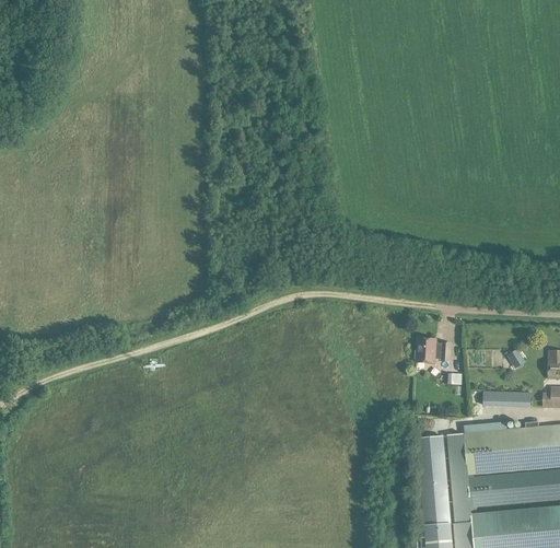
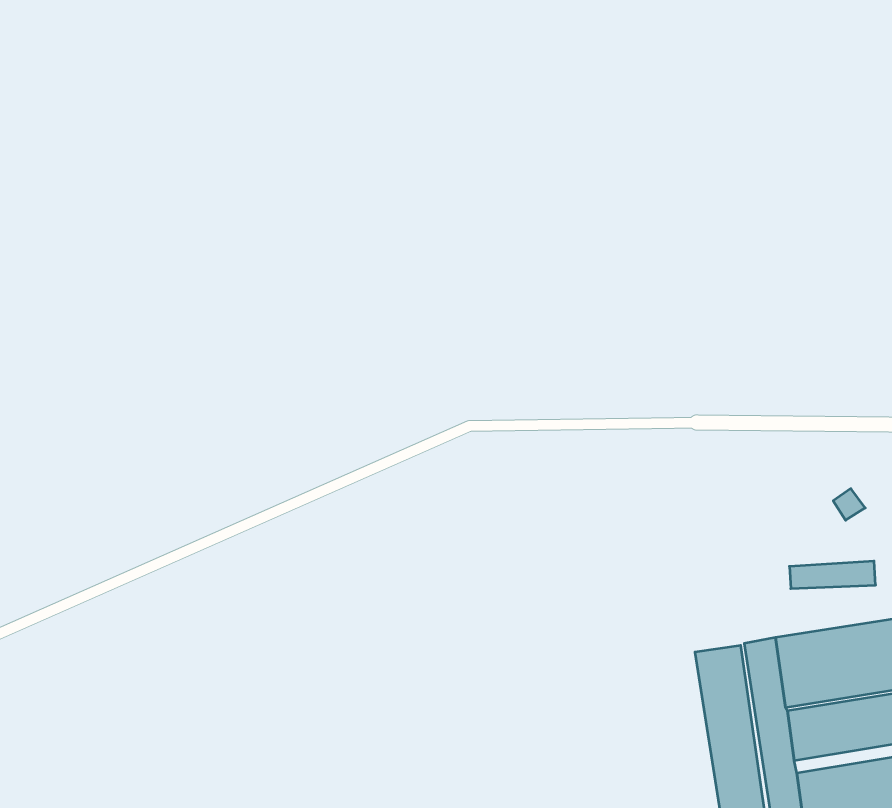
building: [418,339,453,364] -> none

